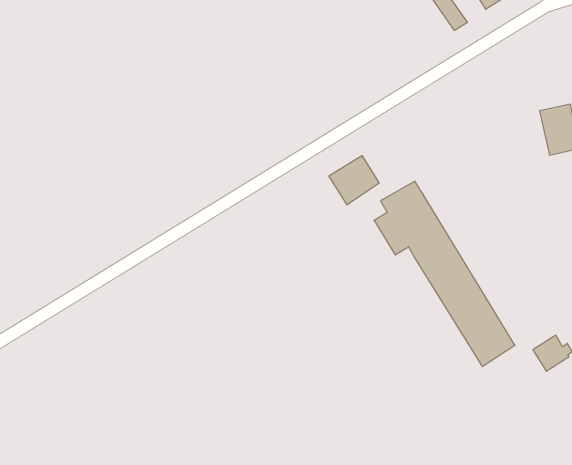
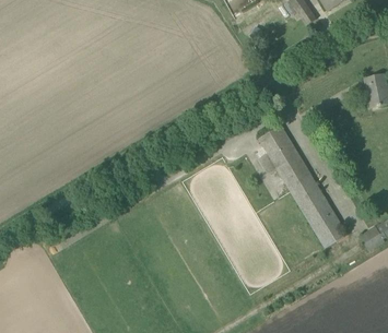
building: [329,156,379,205] -> none

